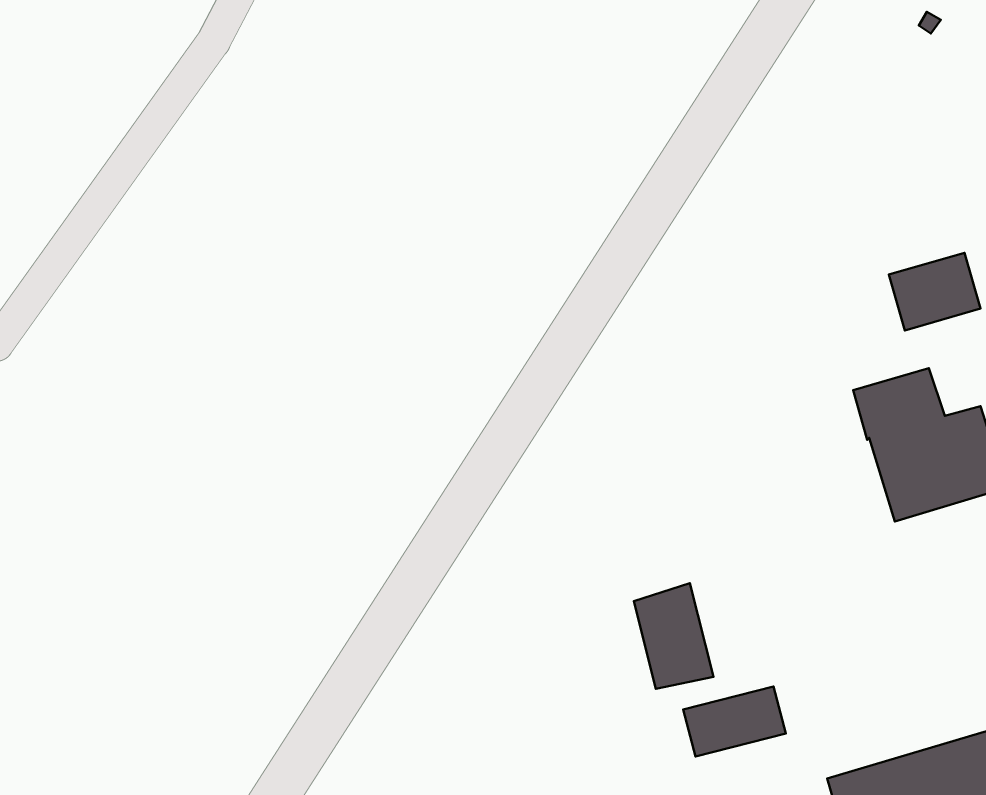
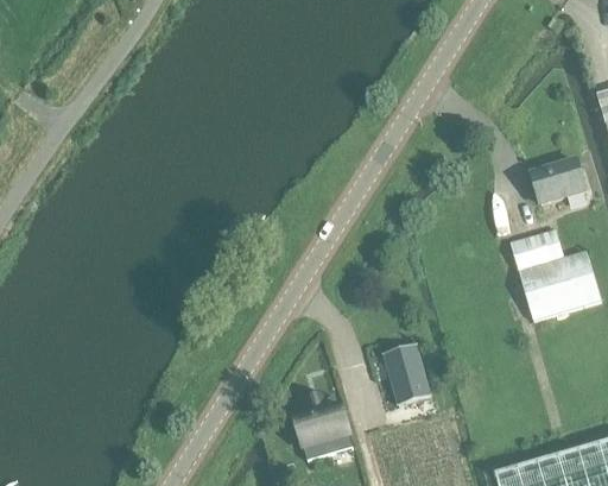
building: none -> [294,393,350,460]
building: [683,687,786,757] -> none

